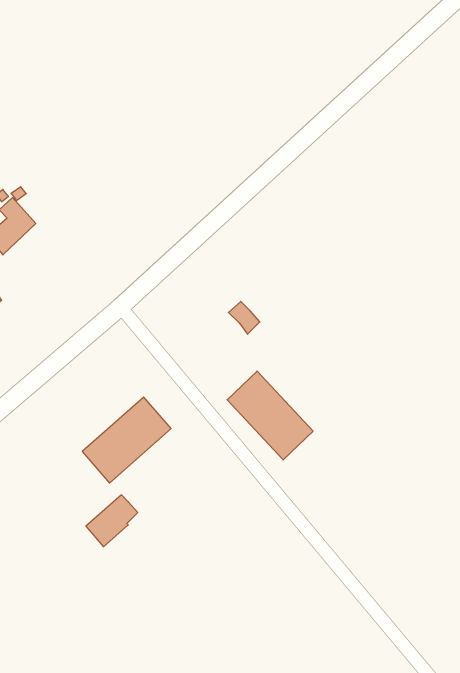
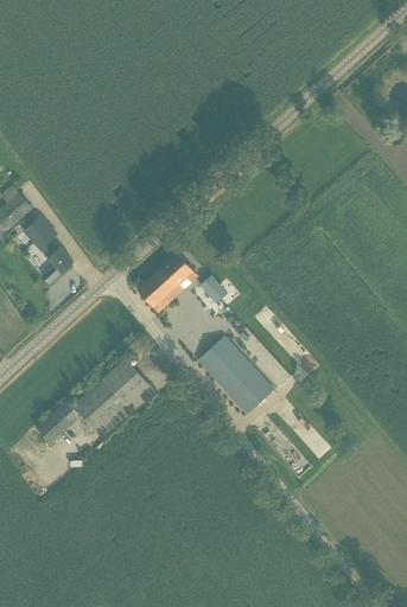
building: none -> [24,217,72,283]
building: none -> [138,253,198,312]
building: [86,495,138,547] -> [36,400,81,445]

